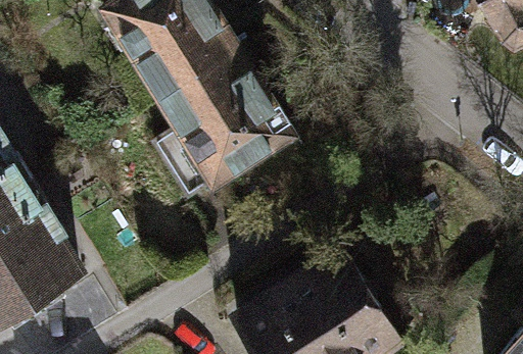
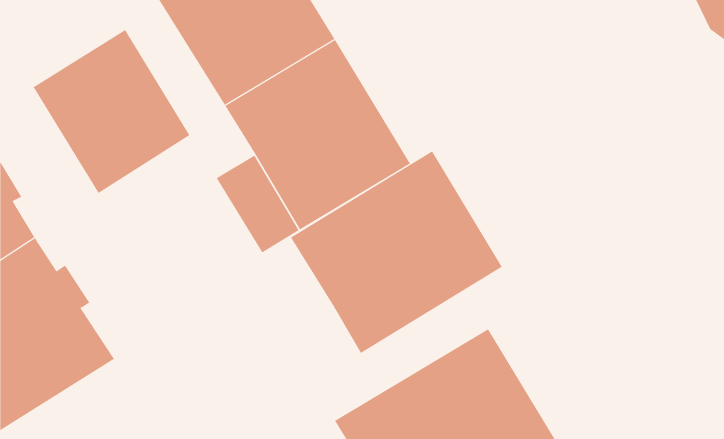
building: none -> [33,29,190,194]
building: none -> [290,151,503,354]

